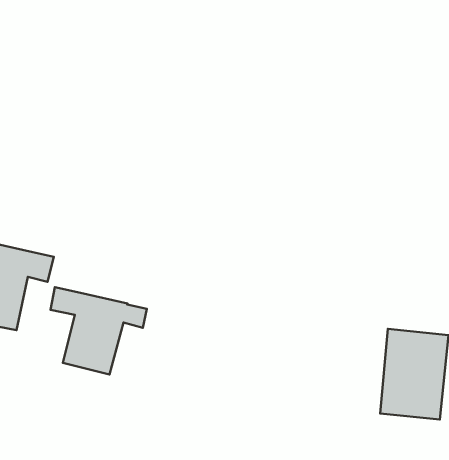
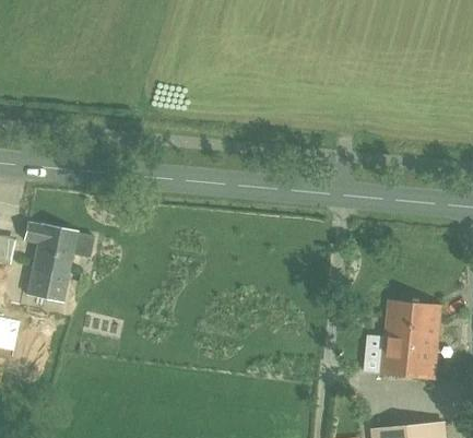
building: [50,287,147,374] -> none

